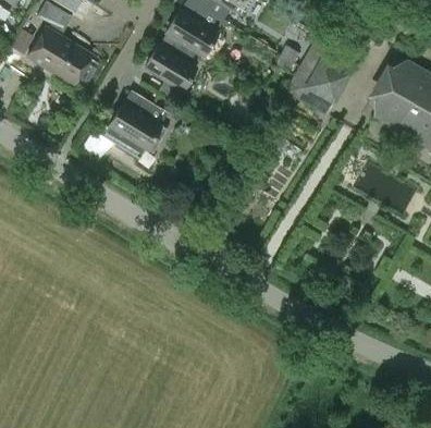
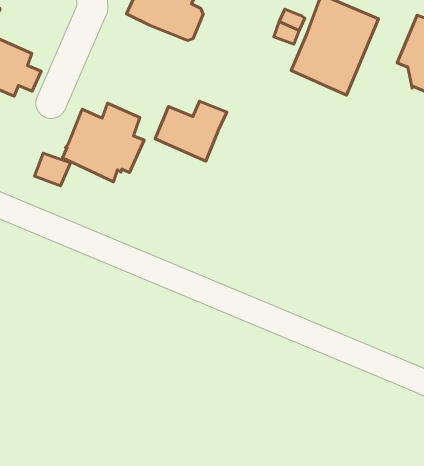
building: [146,44,202,89] -> [155,101,227,161]

